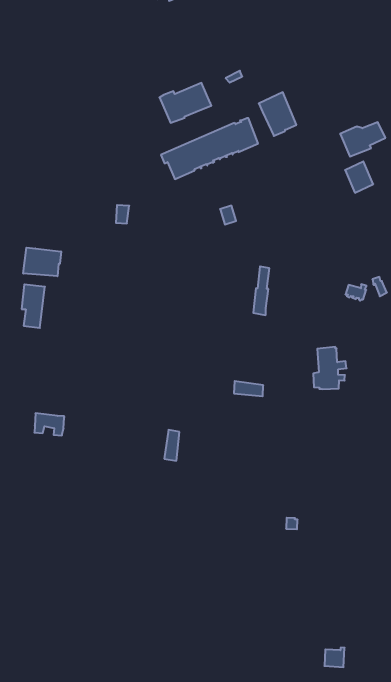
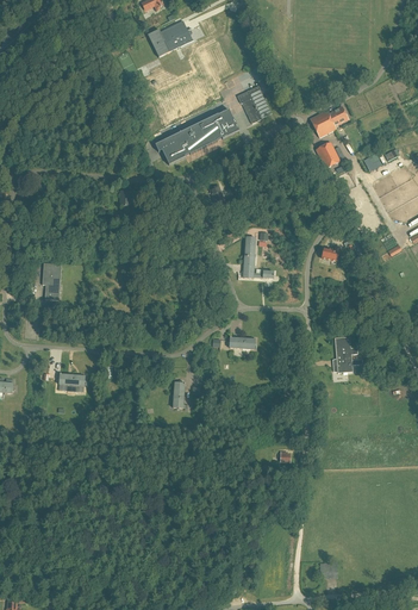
building: [159,83,211,123] -> [146,20,192,56]
building: [23,248,61,276] -> none
building: [313,347,347,389] -> [330,335,358,372]

